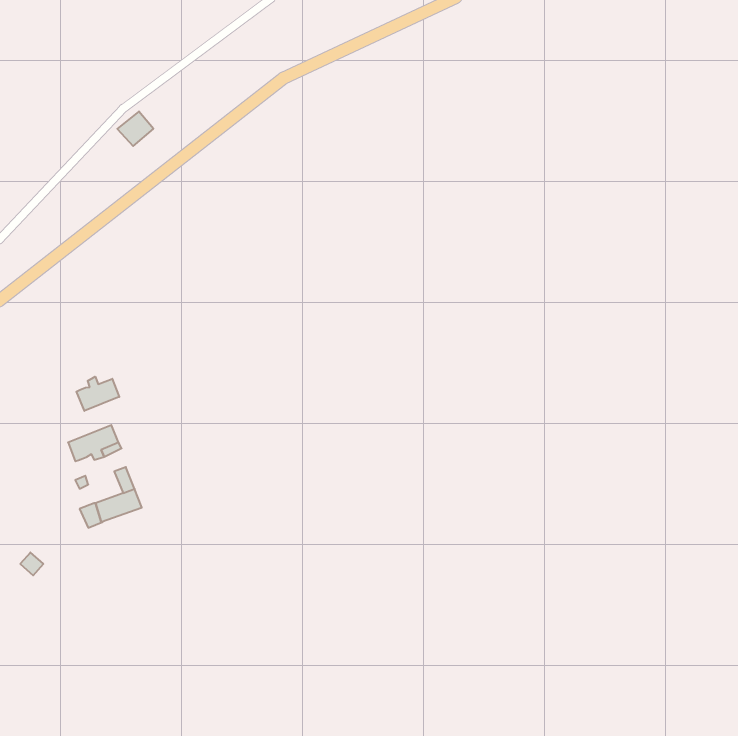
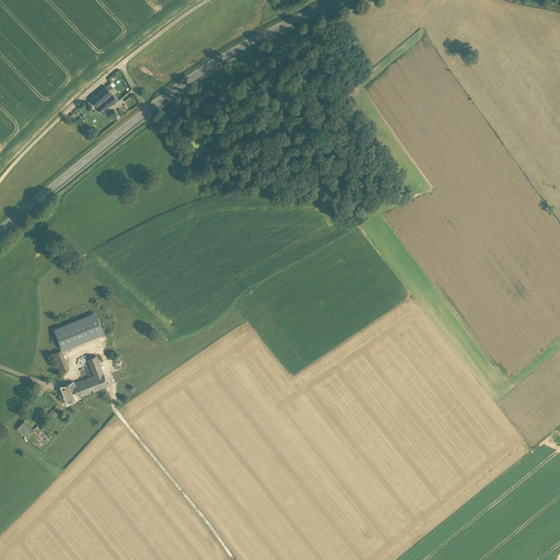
building: [76,377,119,411] -> none

